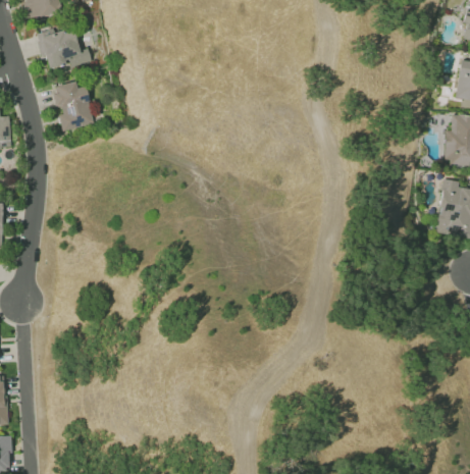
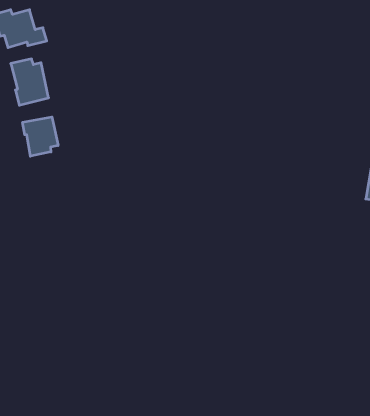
building: none -> [23,117,58,156]

